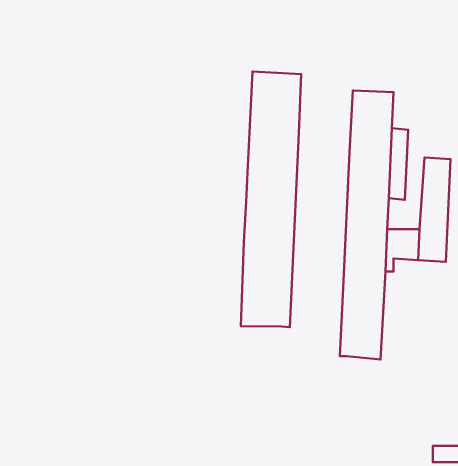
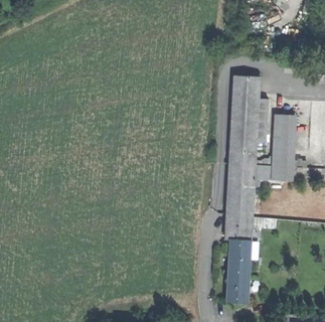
building: [241,72,301,327] -> none
building: none -> [226,239,251,303]

